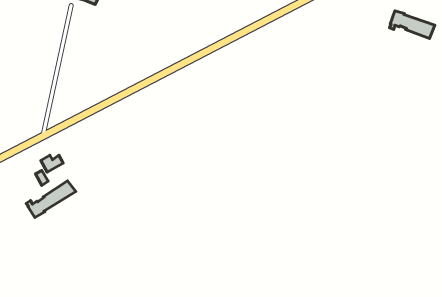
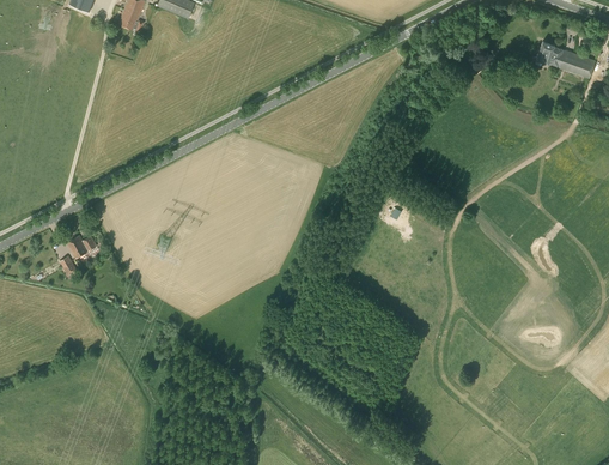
building: [26,181,76,217] -> none

